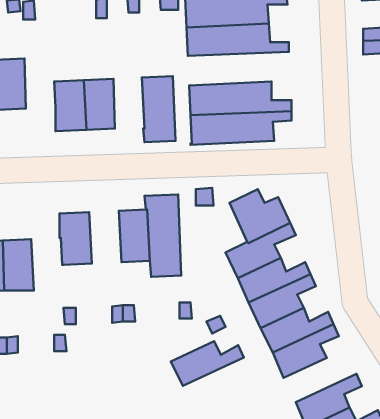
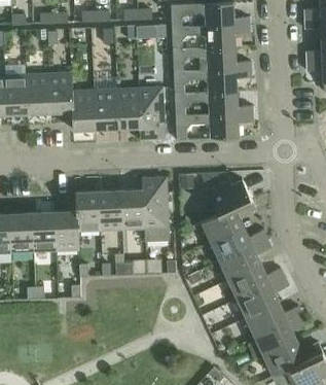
building: none -> [174,69,252,95]
building: none -> [49,73,73,112]
building: none -> [117,89,141,128]
building: none -> [99,190,123,231]
building: none -> [55,211,80,251]
building: [171,341,244,386] -> [247,303,302,337]

